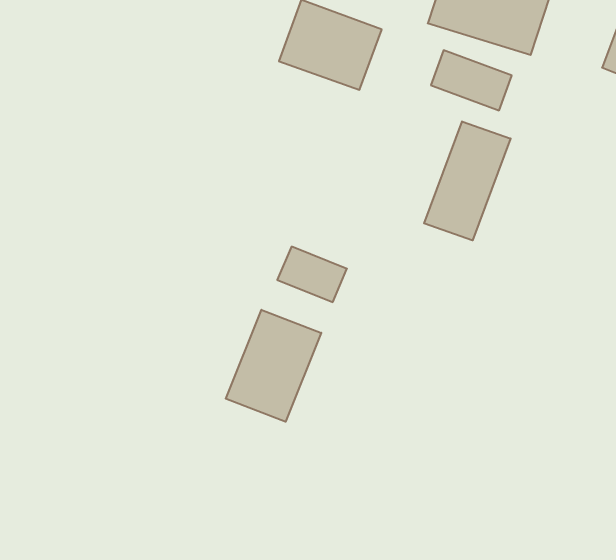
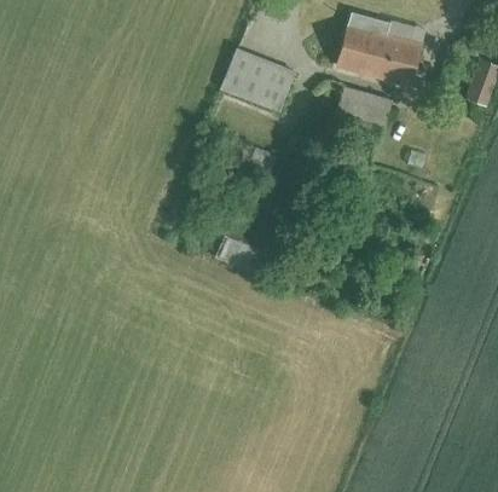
building: [424,121,511,240] -> none
building: [226,310,321,422] -> none

